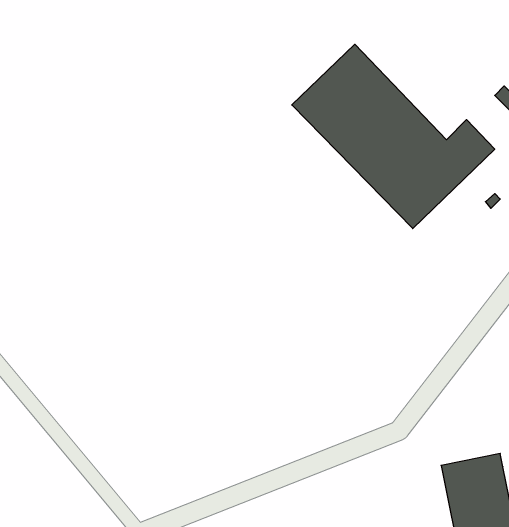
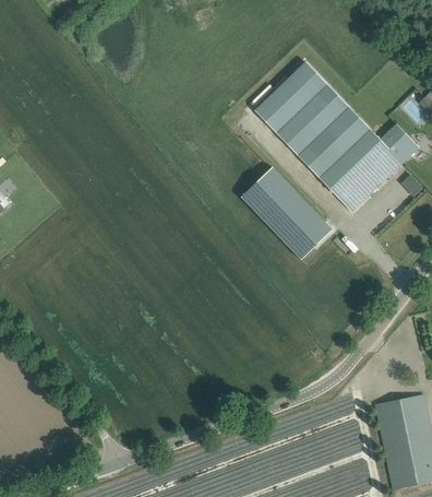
building: none -> [241,166,333,259]

